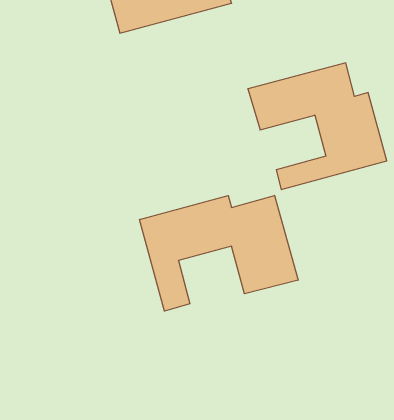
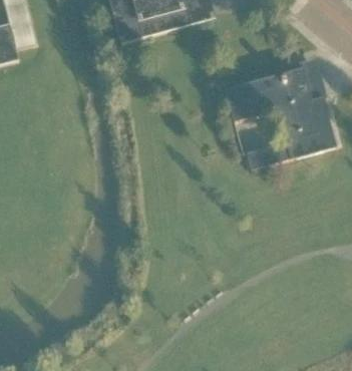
building: [140,195,298,311] -> none

